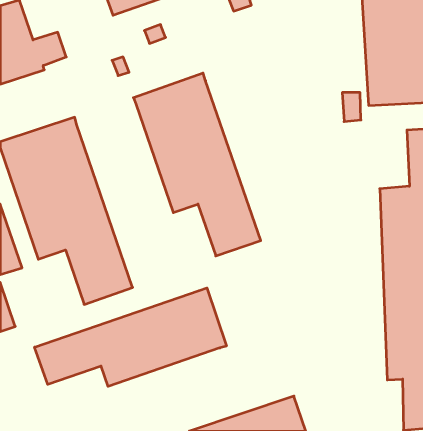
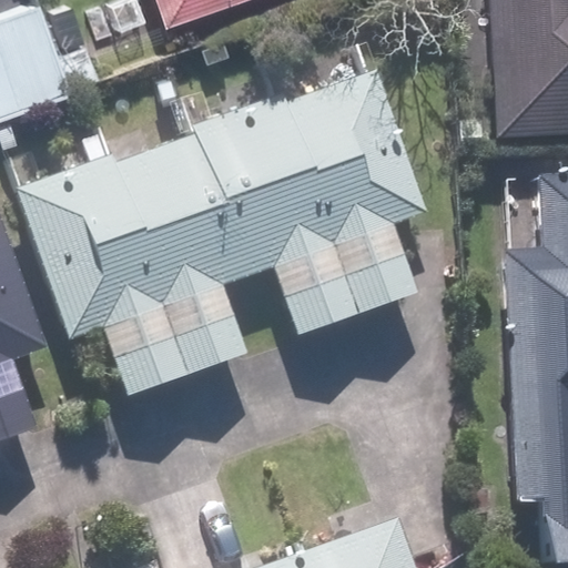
building: none -> [283,74,423,314]
building: none -> [114,135,242,375]
building: [35,288,226,386] -> none

